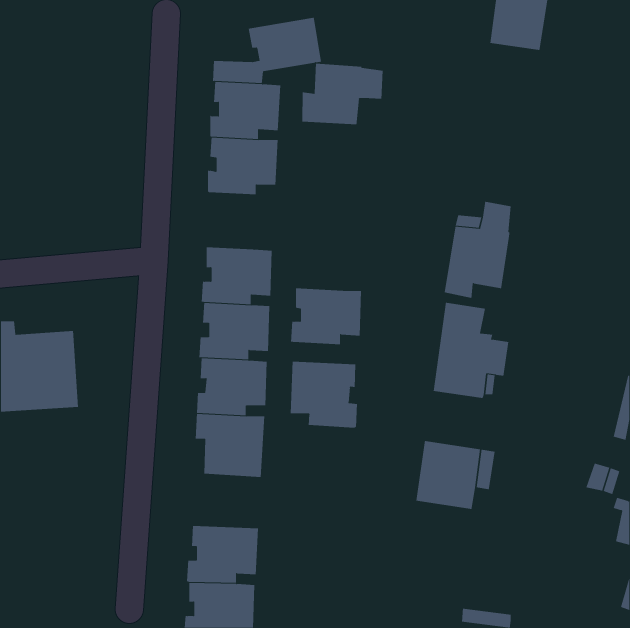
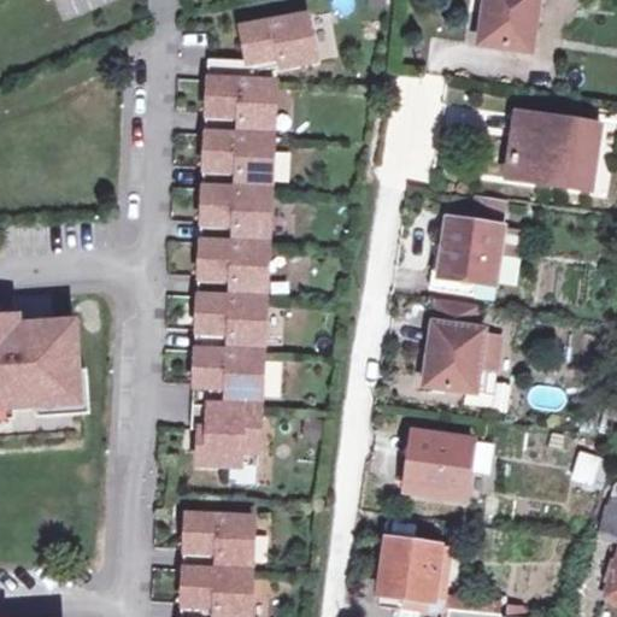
building: [302,63,383,125] -> none
building: none -> [509,117,594,184]
building: [290,288,362,345] -> [199,188,269,243]
building: [290,361,357,428] -> none
building: none -> [377,536,440,607]

